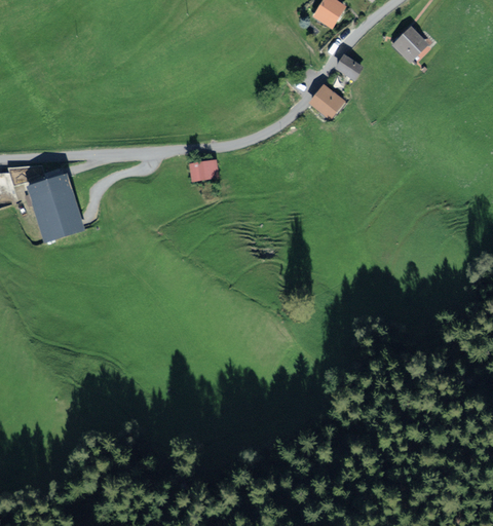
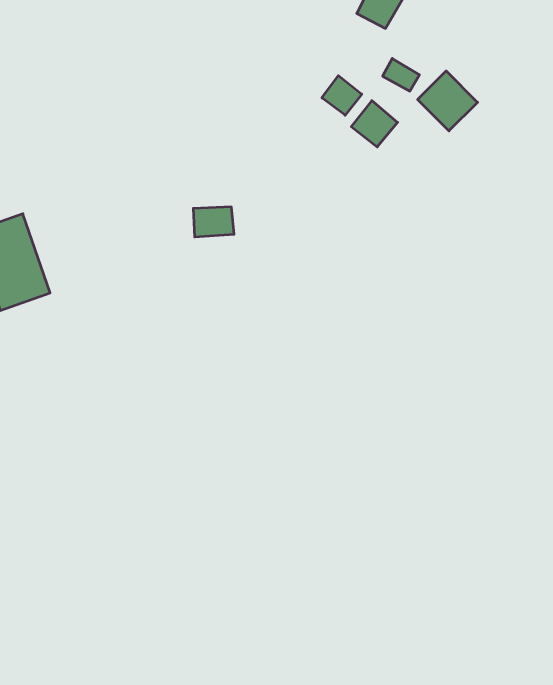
building: [386,20,431,65] -> [418,71,478,131]
building: none -> [322,76,362,115]

